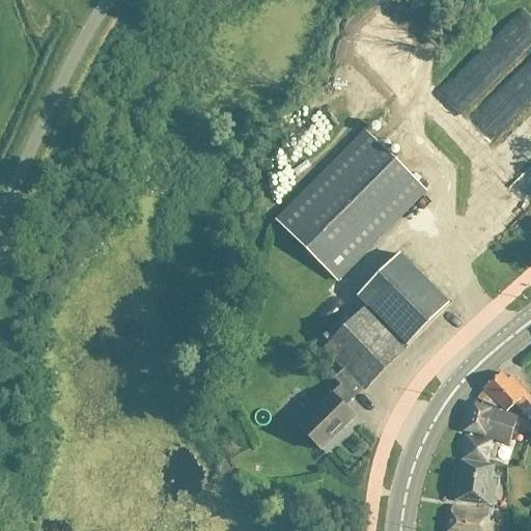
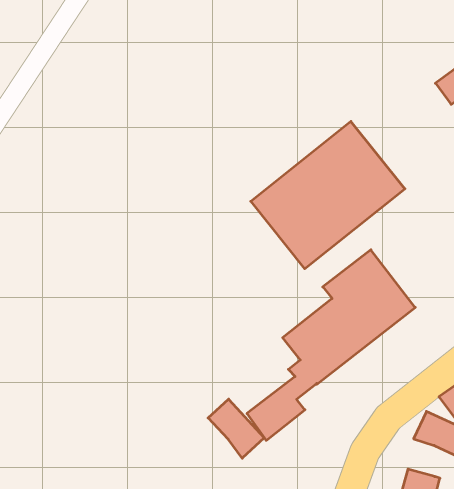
building: none -> [208,399,264,458]
building: [462,436,493,465] -> none

